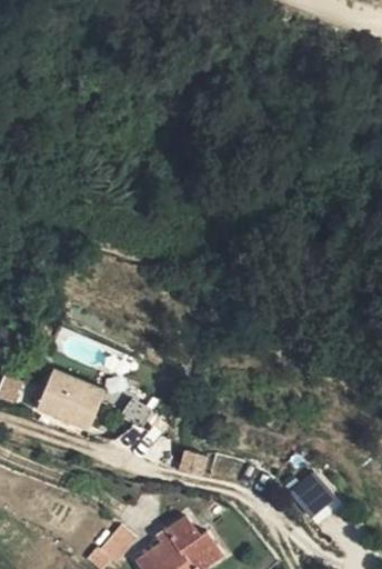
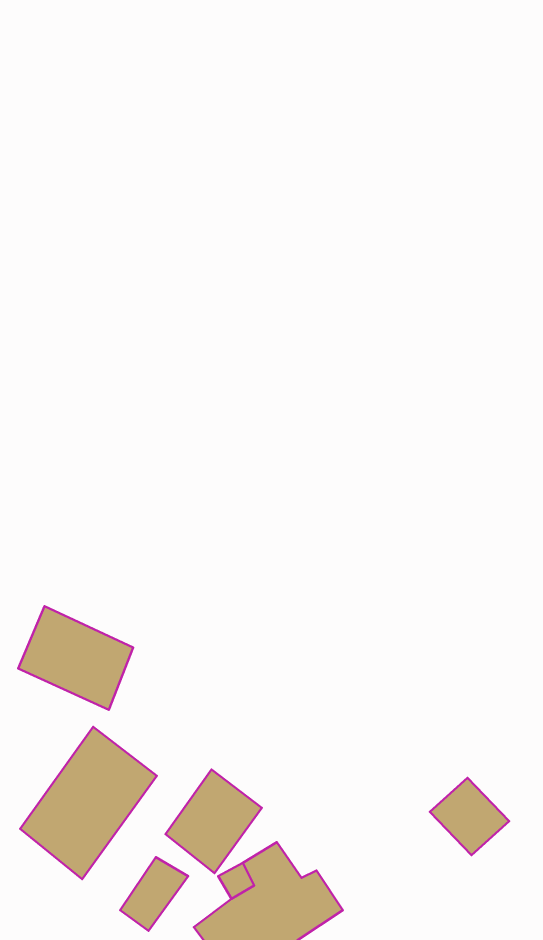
building: none -> [20,727,157,879]
building: none -> [166,770,262,873]

